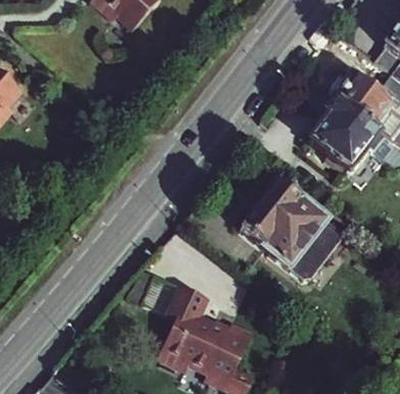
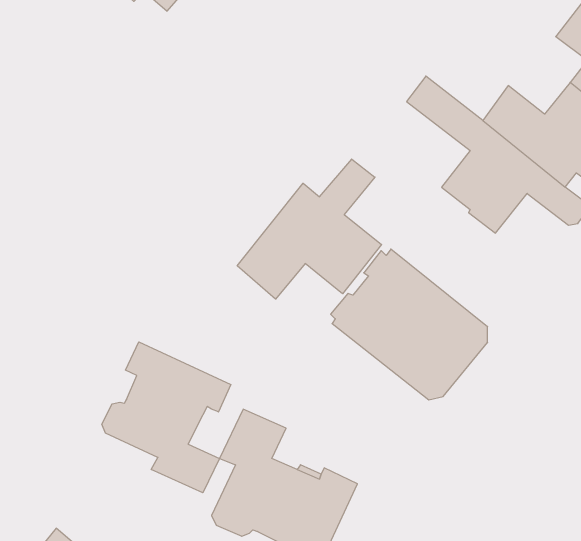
building: none -> [237,159,382,299]
building: none -> [102,342,231,493]

